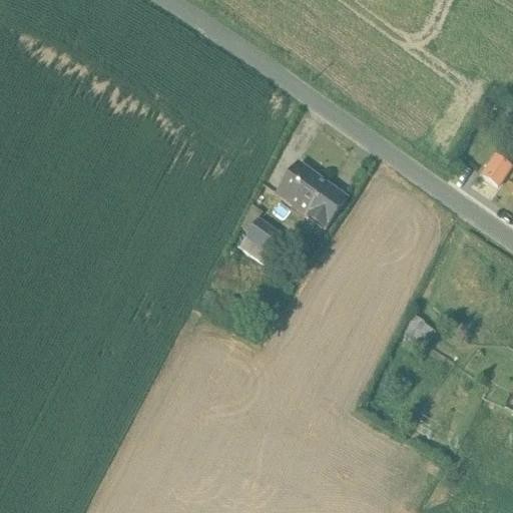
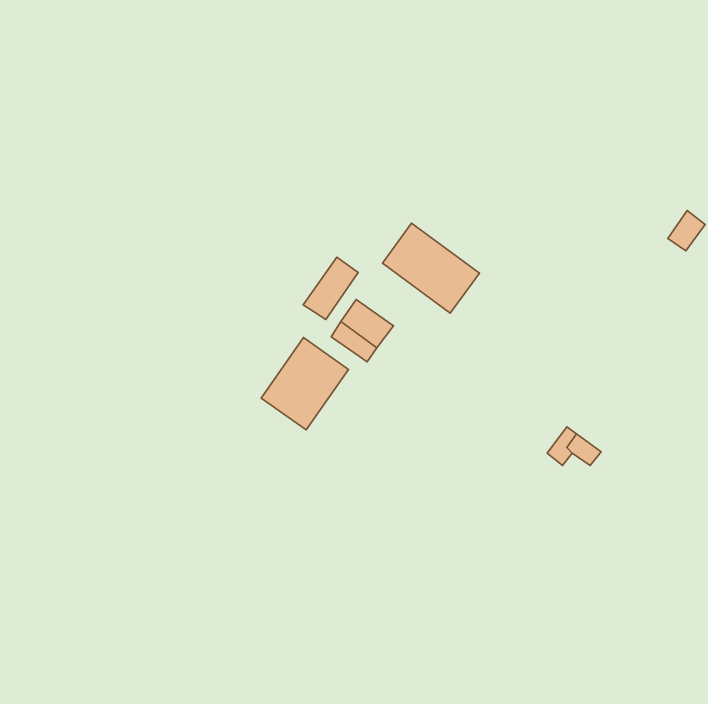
building: none -> [303,257,358,319]
building: none -> [261,338,348,430]

